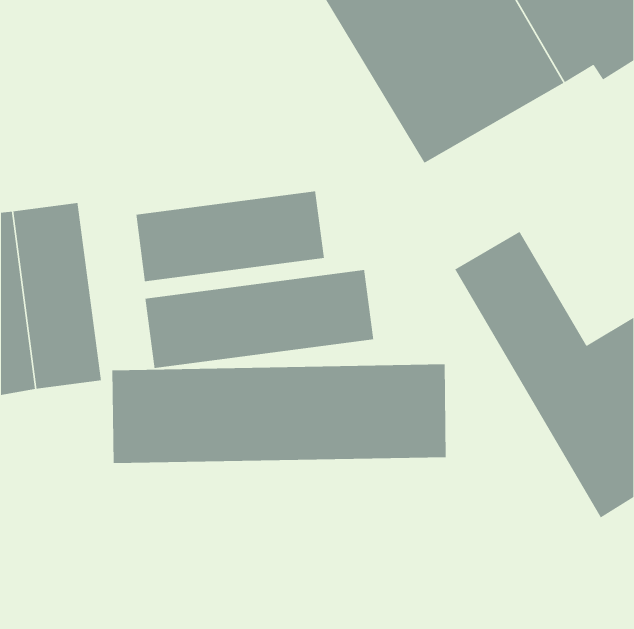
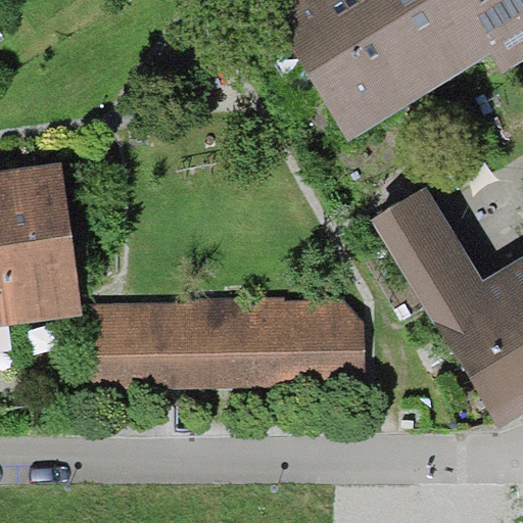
building: [135,190,325,282] -> none
building: [145,269,374,369] -> none

